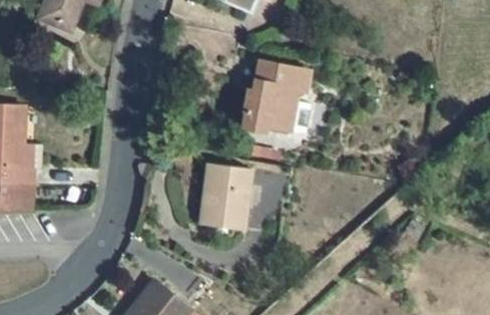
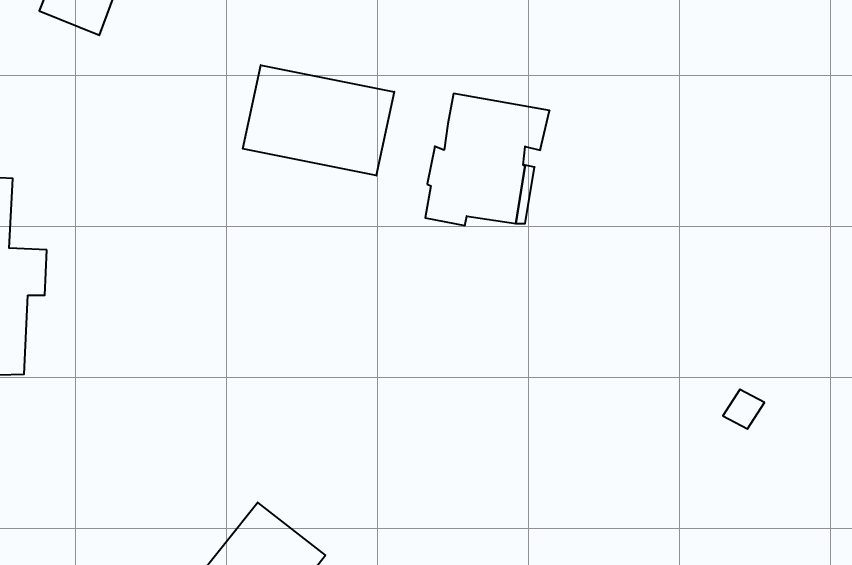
building: none -> [243,65,394,176]
building: [199,163,252,230] -> none

